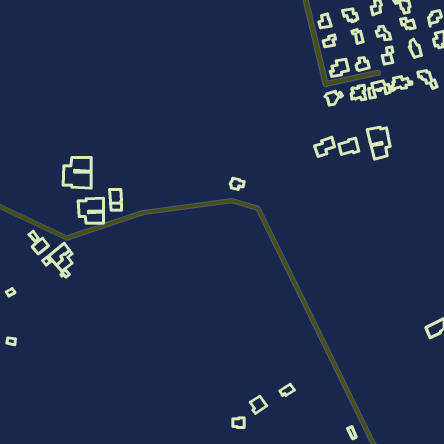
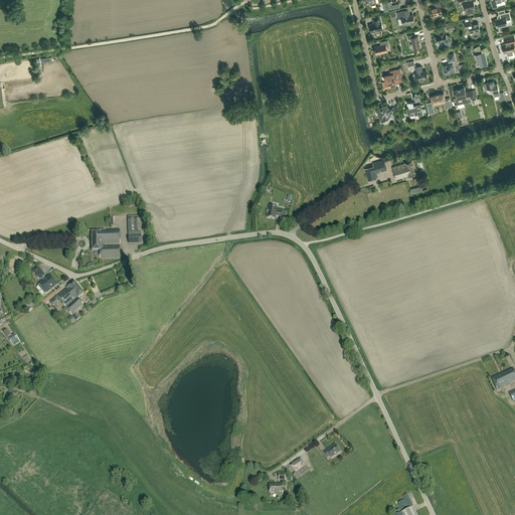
building: [367,127,390,159] -> none
building: [63,157,91,188] -> none

